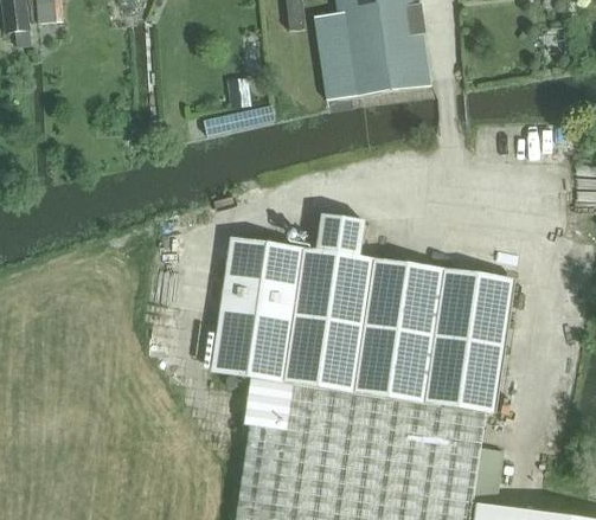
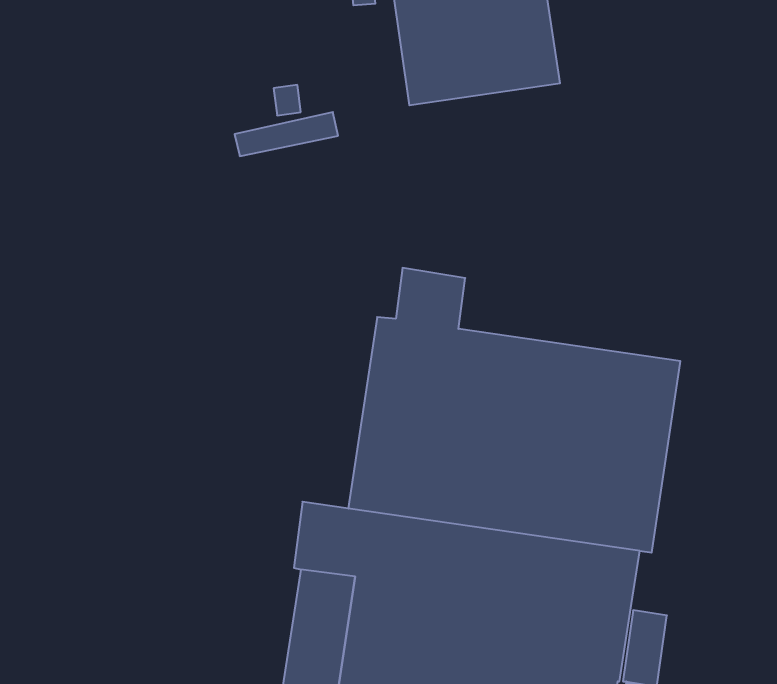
building: [212,238,303,383] -> none

